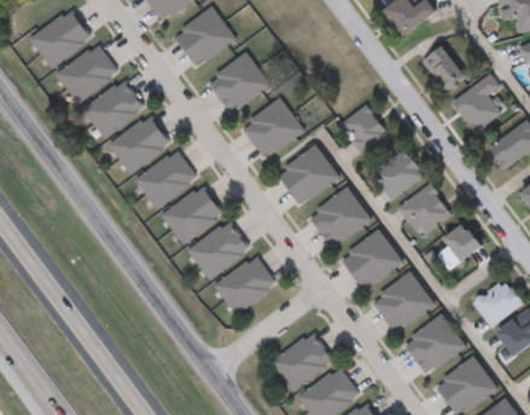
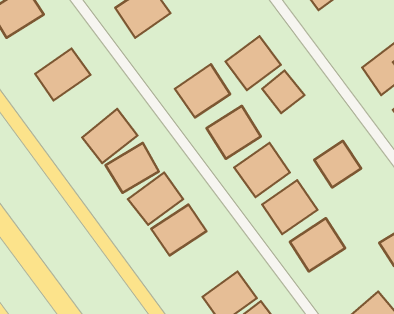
building: [56,42,120,103] -> none
building: [421,45,466,92] -> none
building: [206,51,269,112] -> [226,36,281,90]
building: [109,113,170,173] -> none
building: [373,148,424,198] -> none
building: [441,222,482,270] -> none
building: [402,314,465,374] -> none

